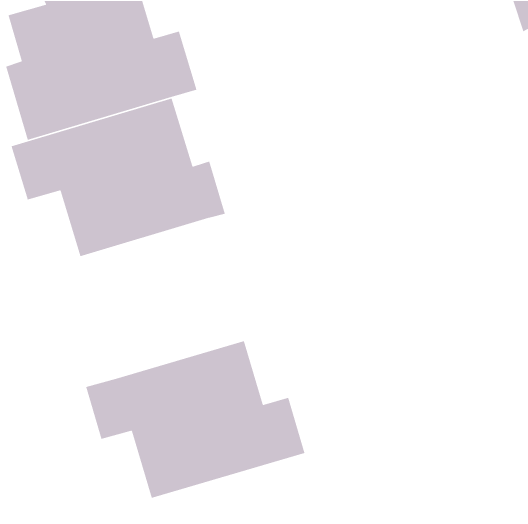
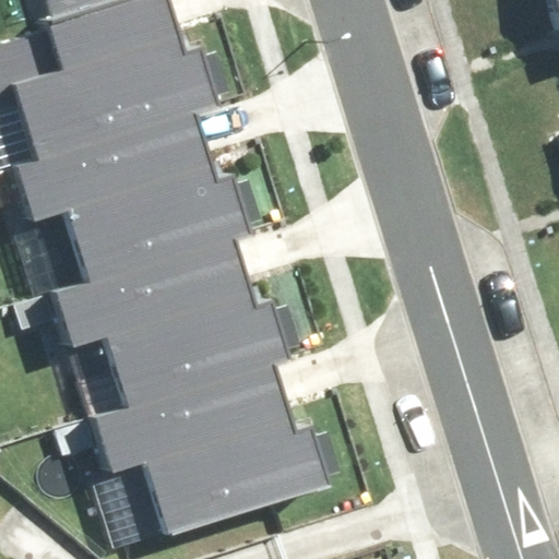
building: none -> [63,240,282,406]

